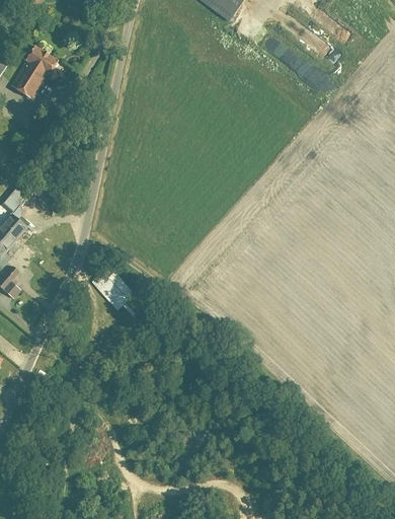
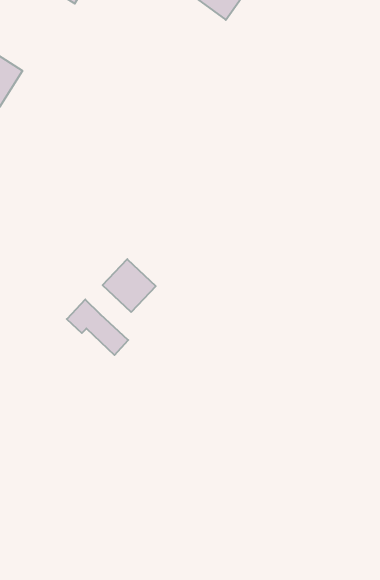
building: none -> [103,259,156,312]

